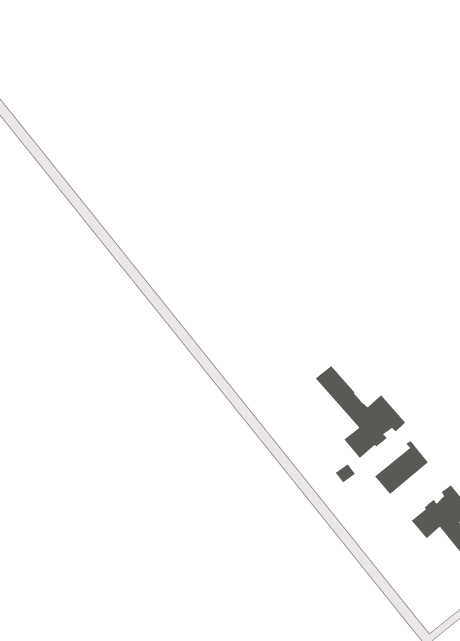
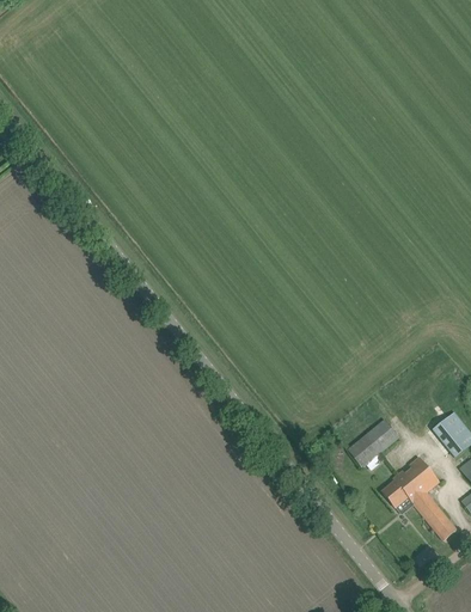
building: [315,365,406,459] -> none

